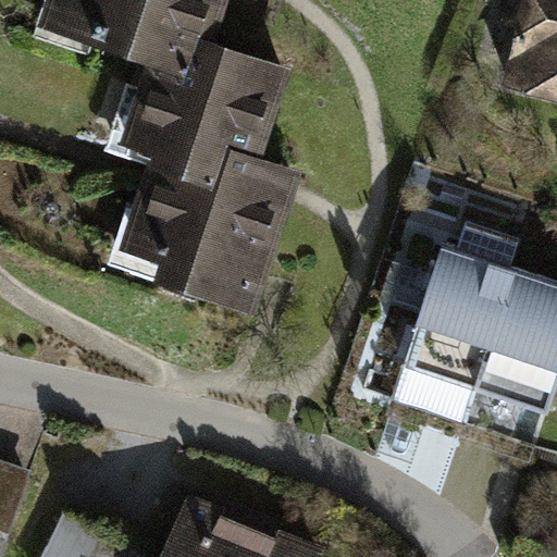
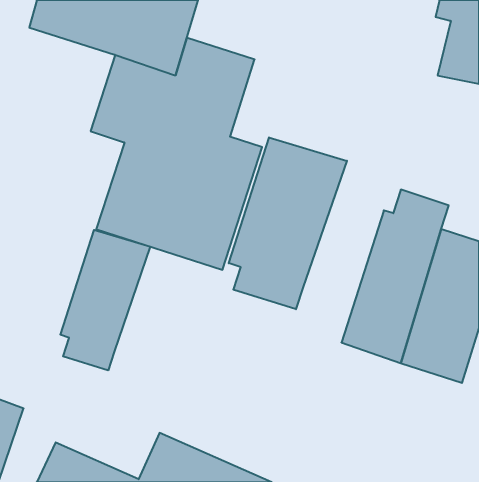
building: none -> [229,137,347,309]
building: none -> [60,230,150,370]

